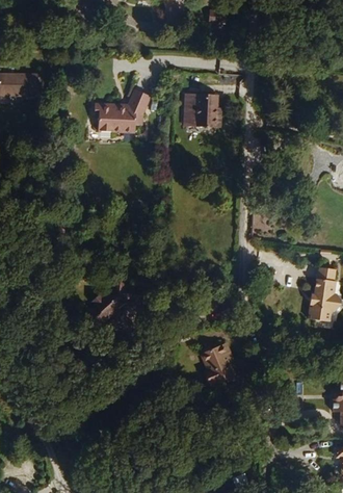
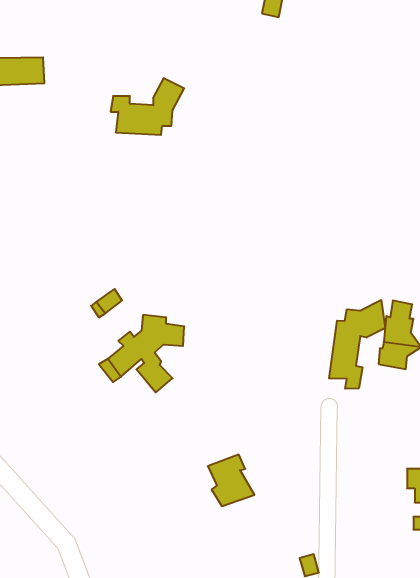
building: [183,96,220,128] -> none
building: none -> [329,300,385,389]
building: [201,341,238,383] -> [208,455,254,506]

